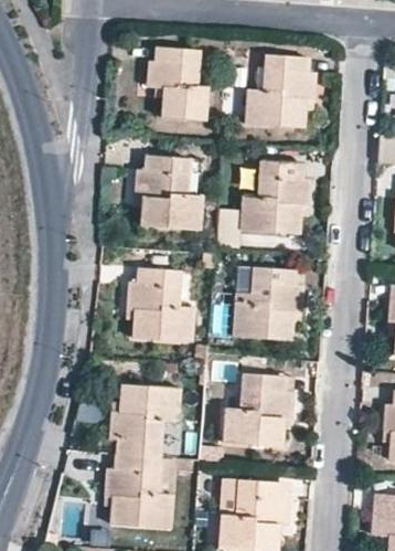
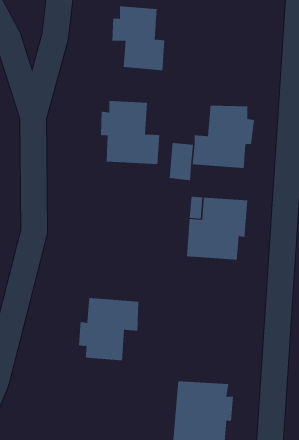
building: [244,55,317,128] -> none
building: [126,267,195,342] -> none
building: [222,373,292,445] -> none
building: [105,453,174,528] -> none

